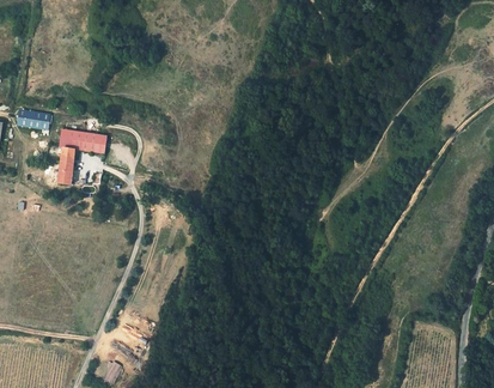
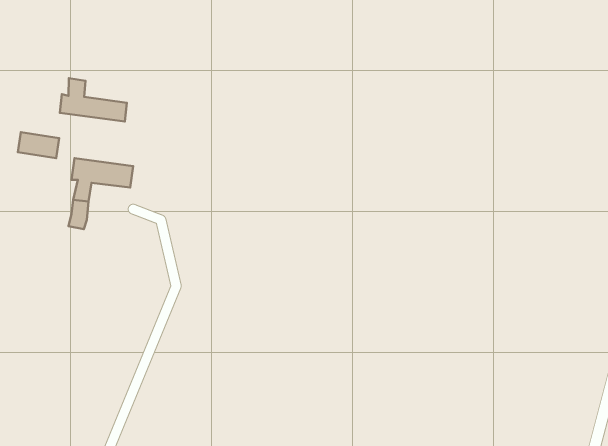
building: none -> [60,78,127,121]

